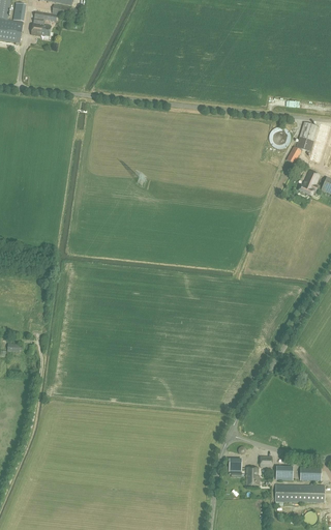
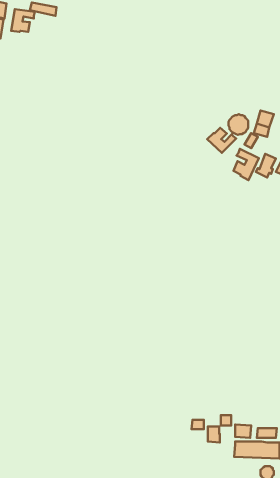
building: none -> [207,128,236,153]
building: none -> [233,149,259,180]

